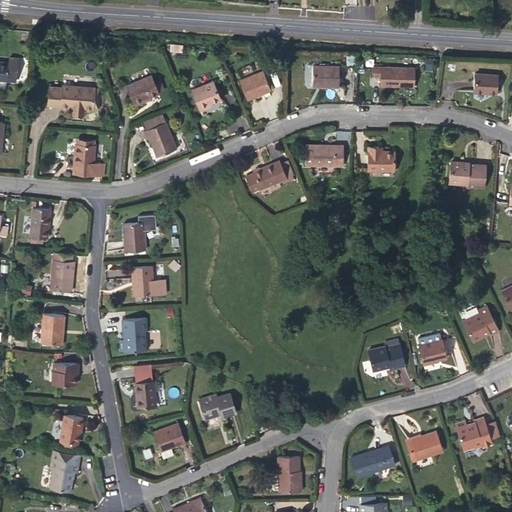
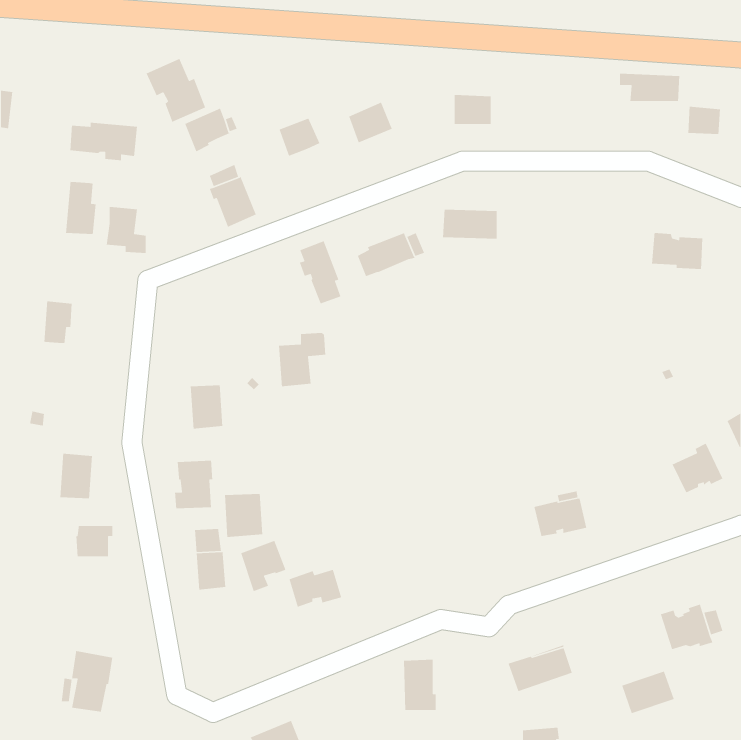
building: none -> [146,58,206,123]
building: [373,67,415,87] -> [619,73,680,102]
building: none -> [65,181,97,235]
building: [368,146,395,171] -> none
building: none -> [299,240,342,304]
building: [123,214,156,252] -> [278,332,326,387]
building: [50,252,74,292] -> none
building: [419,339,446,364] -> none
building: none -> [224,493,263,538]
building: [60,414,83,444] -> none
building: [154,423,186,459] -> [240,540,287,592]
building: [406,431,443,461] -> [621,671,675,714]

